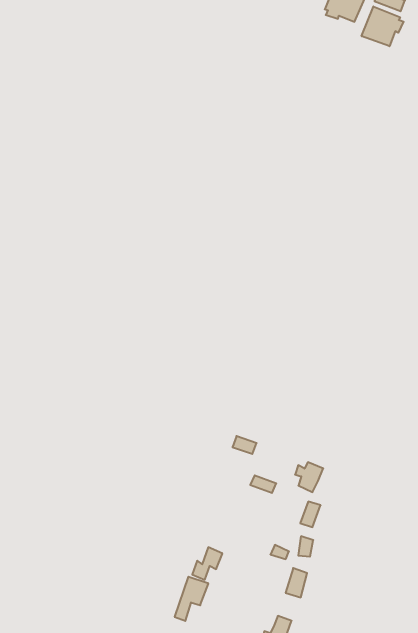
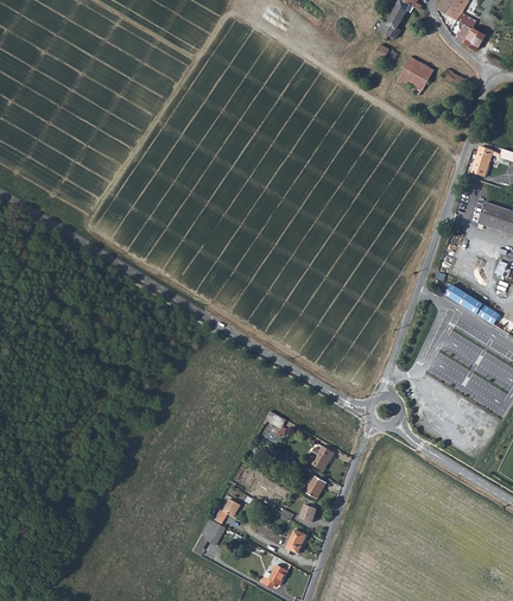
building: [362,6,404,46] -> none

